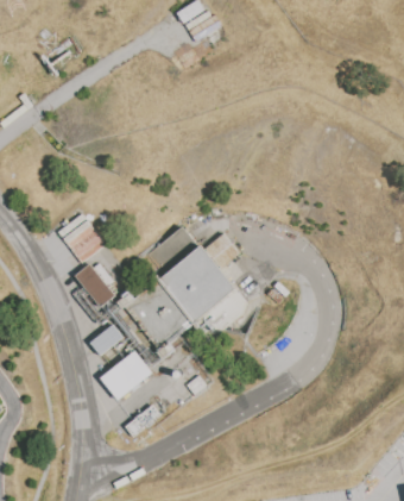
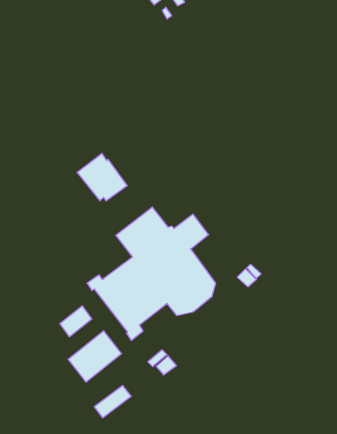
building: [57,213,107,261] -> [77,153,127,201]
building: [70,263,115,307] -> none

